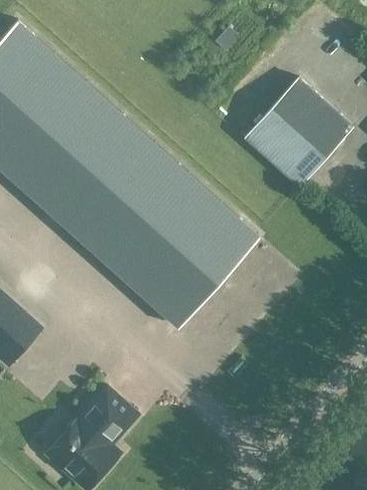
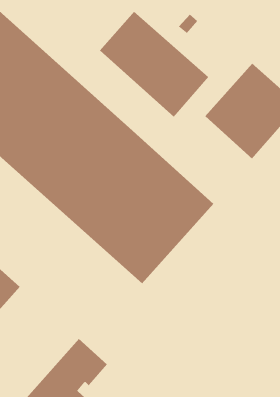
building: none -> [99,11,209,118]

